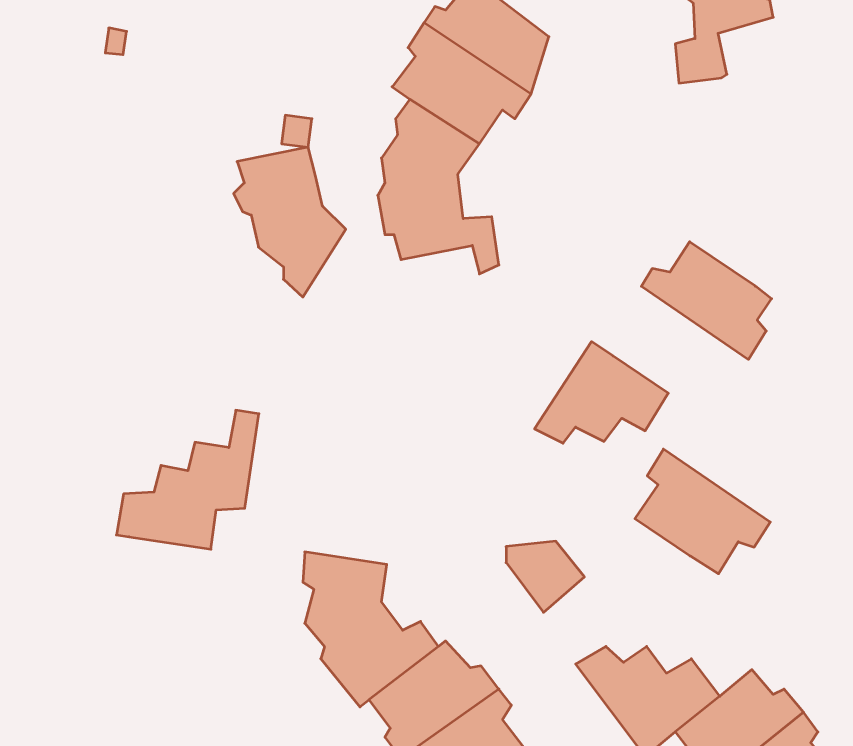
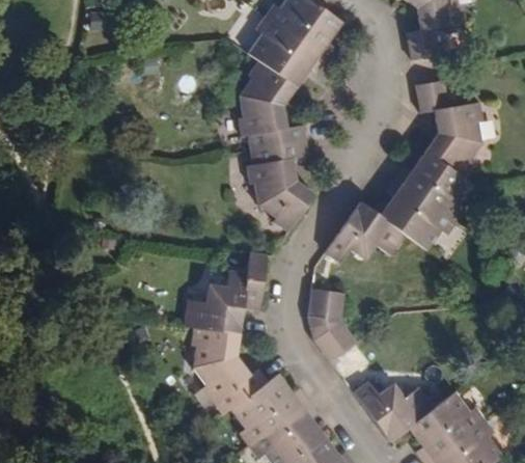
building: none -> [415,77,473,171]
building: [234,147,346,297] -> [248,147,313,235]
building: [116,410,259,549] -> [187,252,270,333]
building: [635,449,770,574] -> [374,171,452,244]
building: none -> [311,291,341,323]

